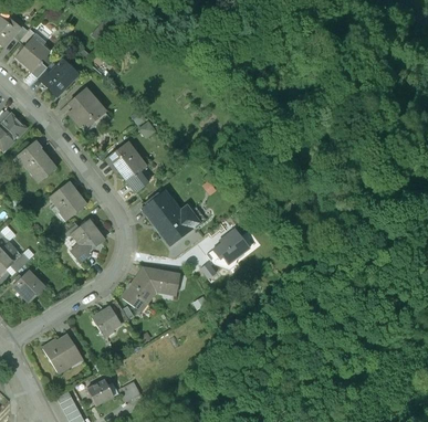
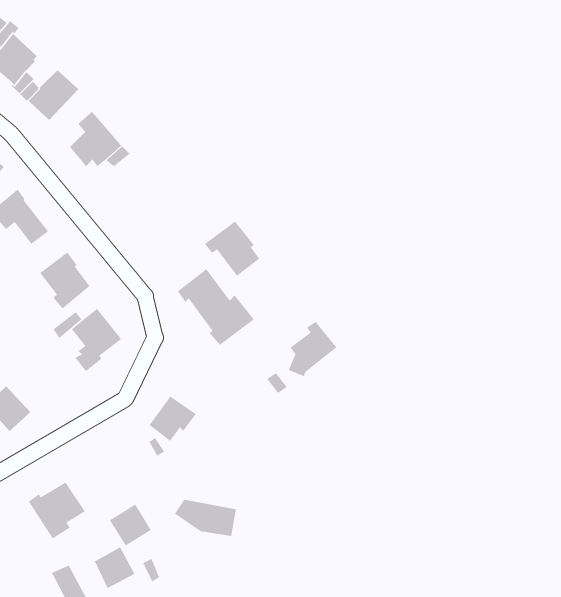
building: [105,143,143,180] -> [204,221,260,277]
building: [137,268,179,294] -> [174,499,237,537]
building: [92,307,121,336] -> [109,504,152,547]

